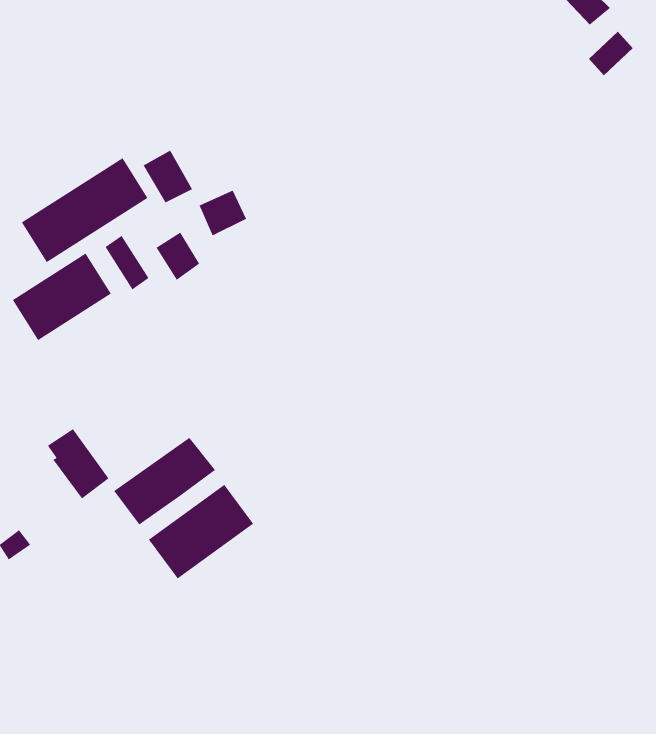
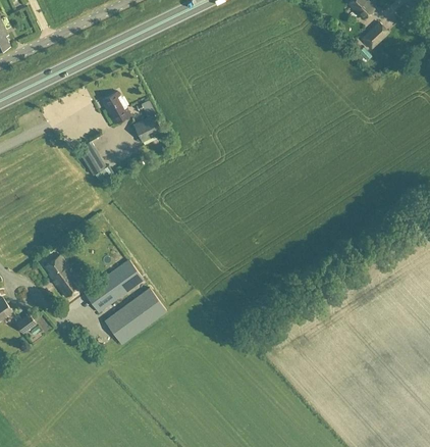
building: [21,157,148,263] -> none
building: [155,232,200,281] -> none
building: [12,253,112,341] -> none

